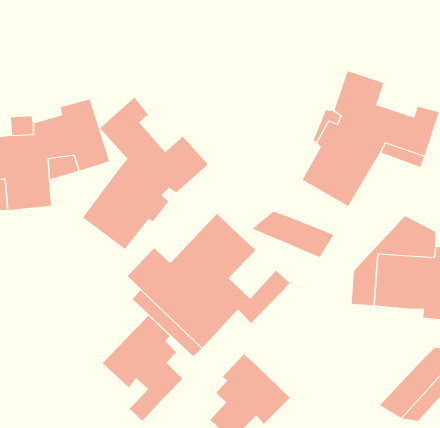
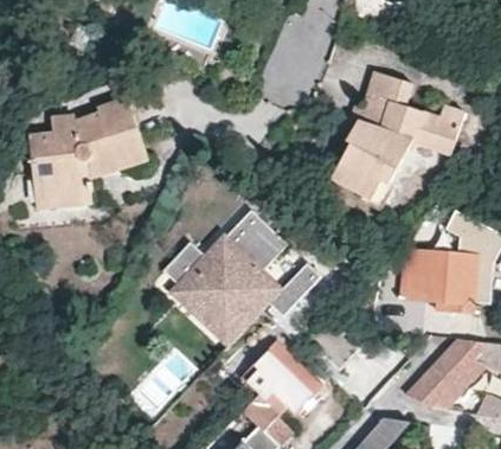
building: [82,97,208,250] -> none
building: [251,211,334,258] -> none
building: [102,315,183,421] -> none

